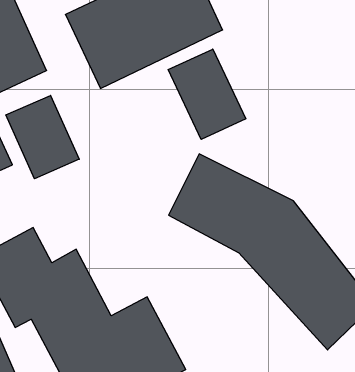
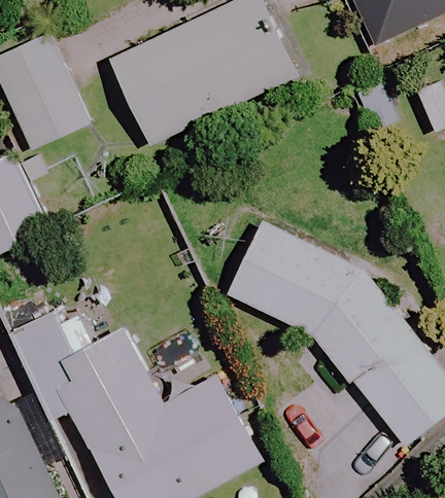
building: [168,49,246,139] -> none
building: [6,95,79,179] -> none

